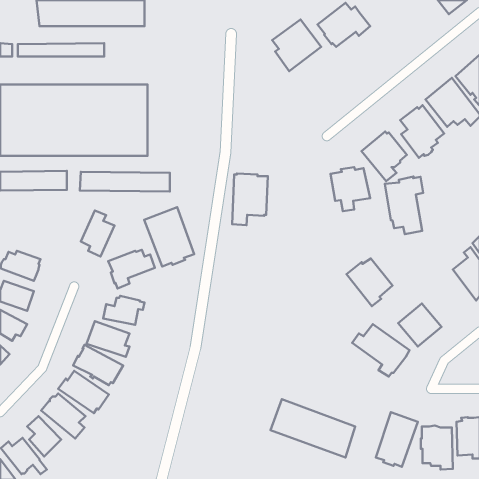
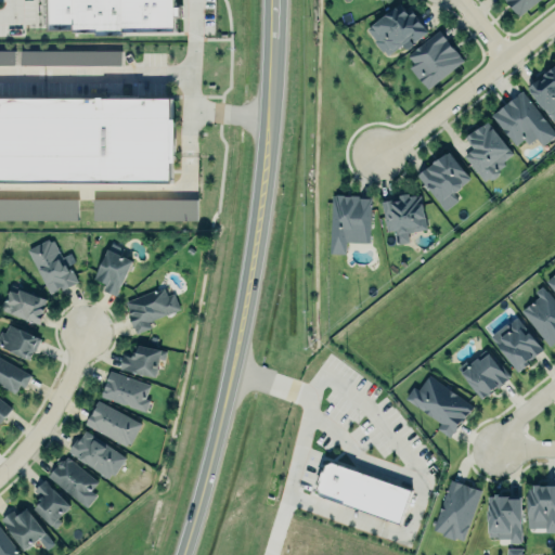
building: [272,20,321,71] -> [408,31,464,91]
building: [232,173,268,225] -> [331,195,372,255]
building: [385,177,423,234] -> none
building: [144,207,194,266] -> none
building: none -> [28,241,79,295]
building: [347,258,393,306] -> [490,319,543,374]

